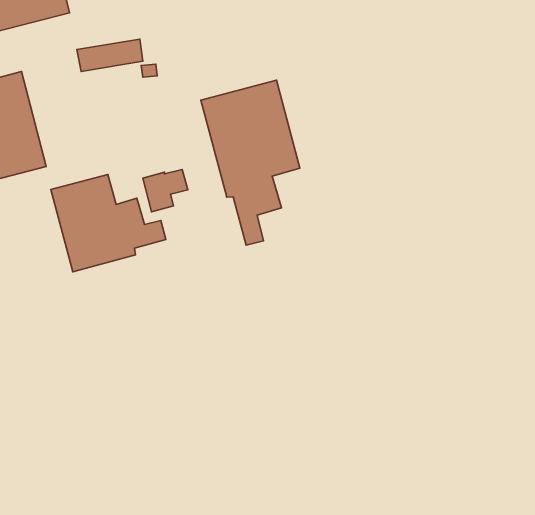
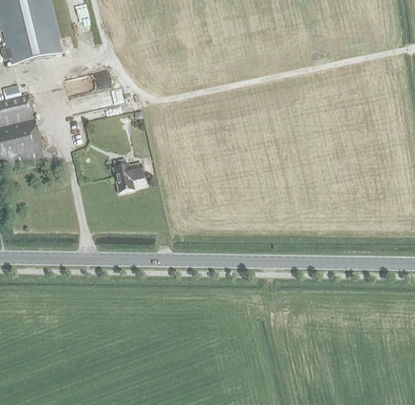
building: [201,80,300,245] -> none
building: [51,174,166,272] -> none

